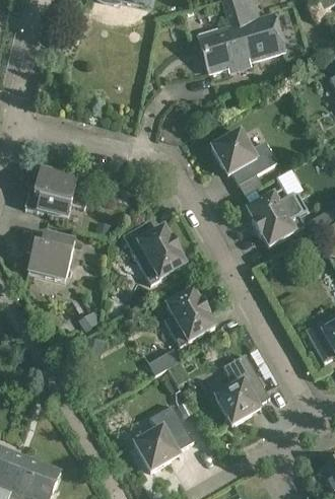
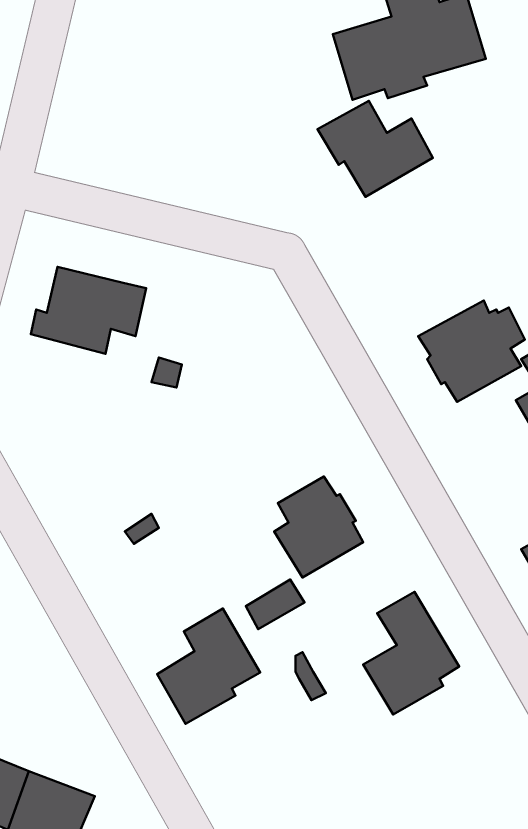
building: [210,130,276,185] -> [317,101,433,197]
building: [122,225,186,284] -> none
building: [27,230,74,280] -> none
building: [134,405,193,471] -> [157,608,260,724]

